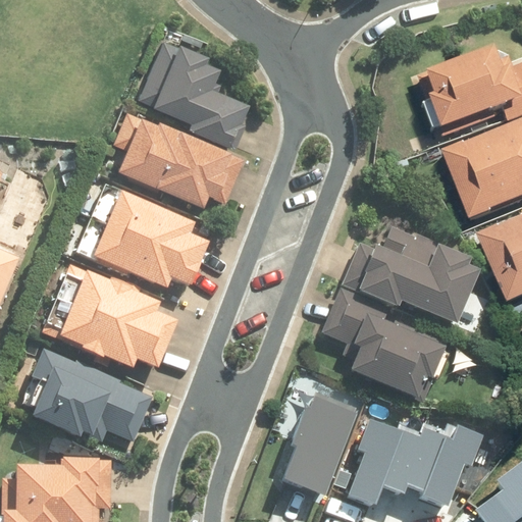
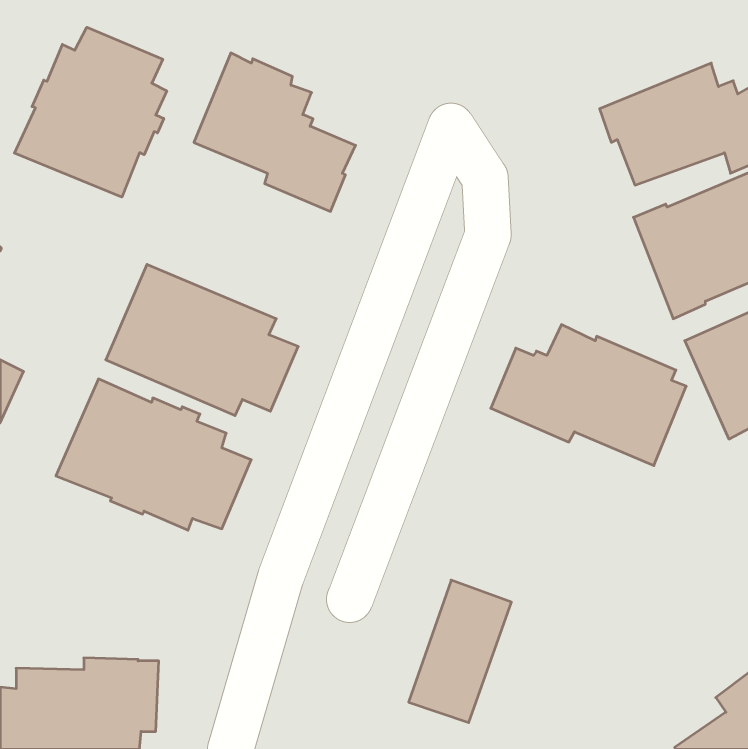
building: none -> [14,27,167,197]
building: [112,110,245,204] -> none
building: [320,288,447,402] -> none
building: [29,347,153,441] -> none
building: [349,422,483,512] -> none

